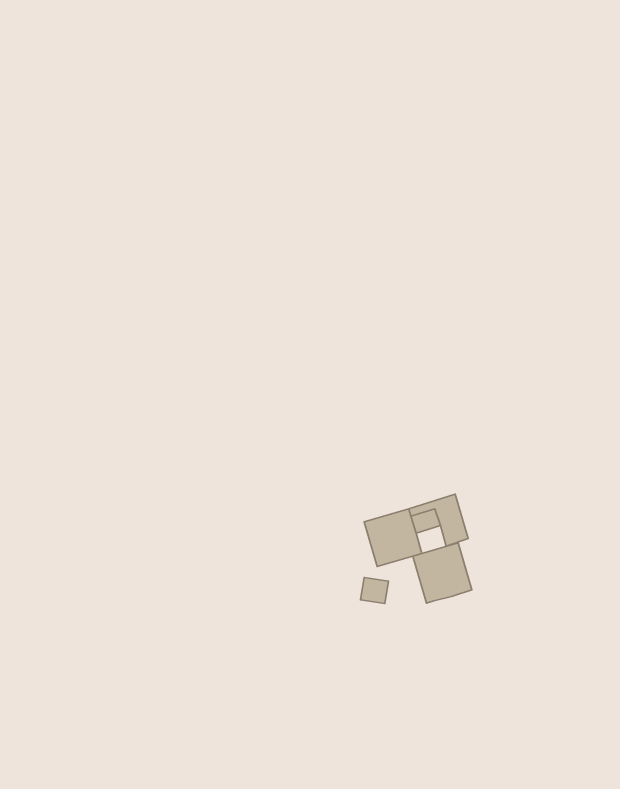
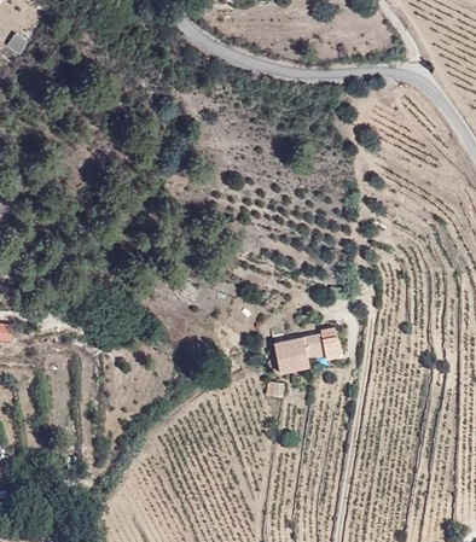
building: [413,543,472,603] -> none

